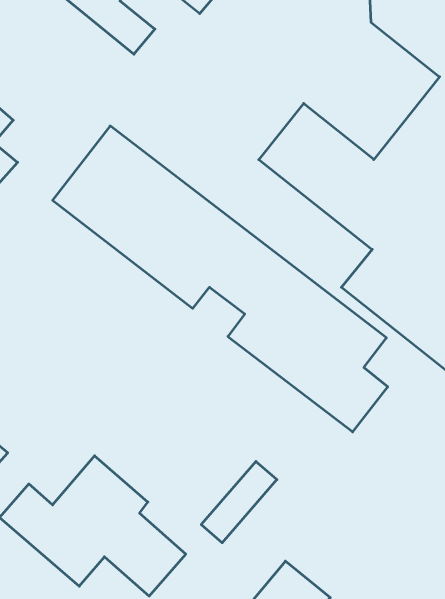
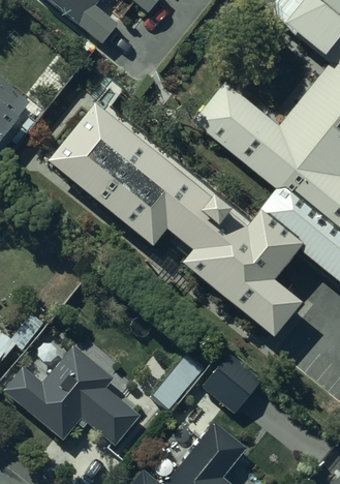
building: none -> [204,351,265,412]

